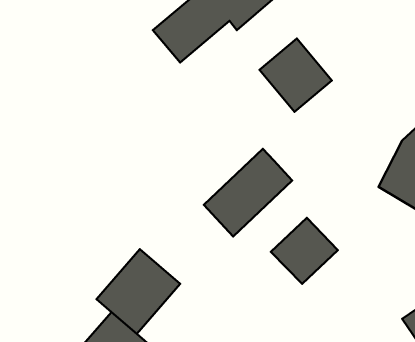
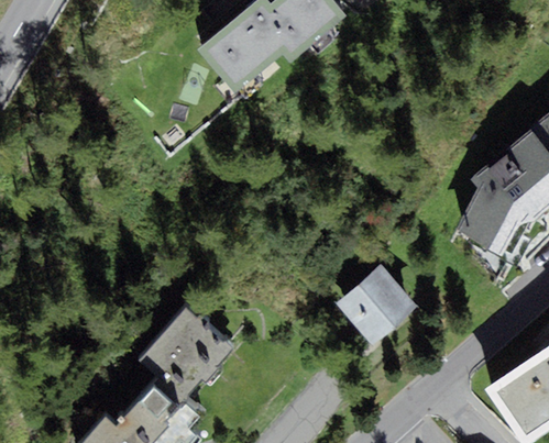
building: [260,38,332,112] -> none
building: [204,149,292,236] -> none

